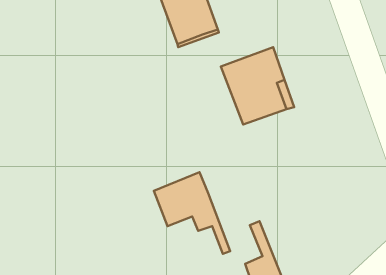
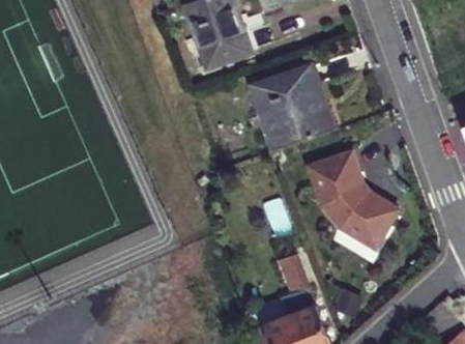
building: none -> [308,150,402,247]
building: [154,172,230,254] -> none

